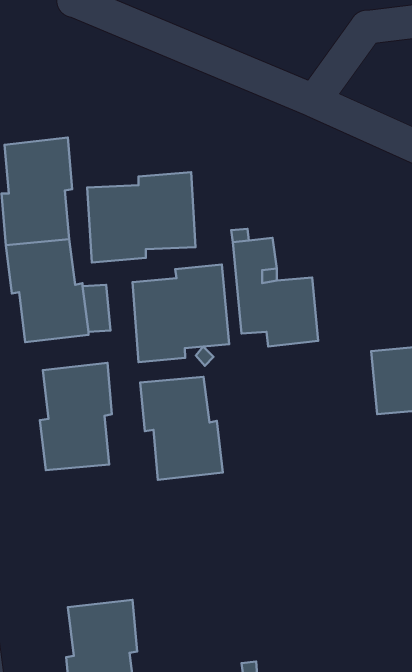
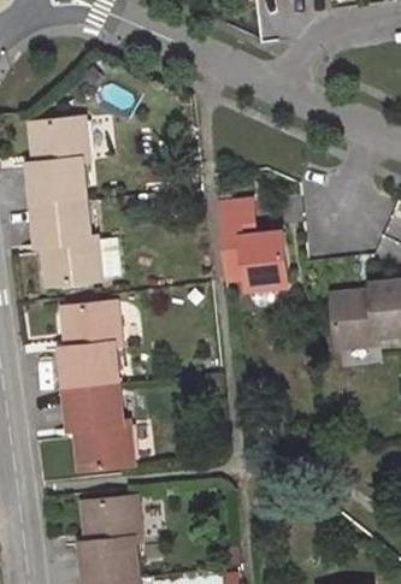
building: [87,172,196,263] -> none
building: [132,265,229,362] -> none
building: [140,377,223,480] -> [64,385,131,470]

